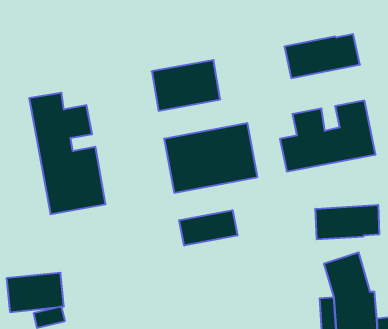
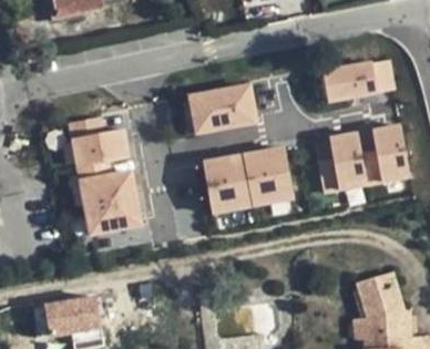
building: [315,205,379,239] -> none
building: [179,210,237,246] -> none

